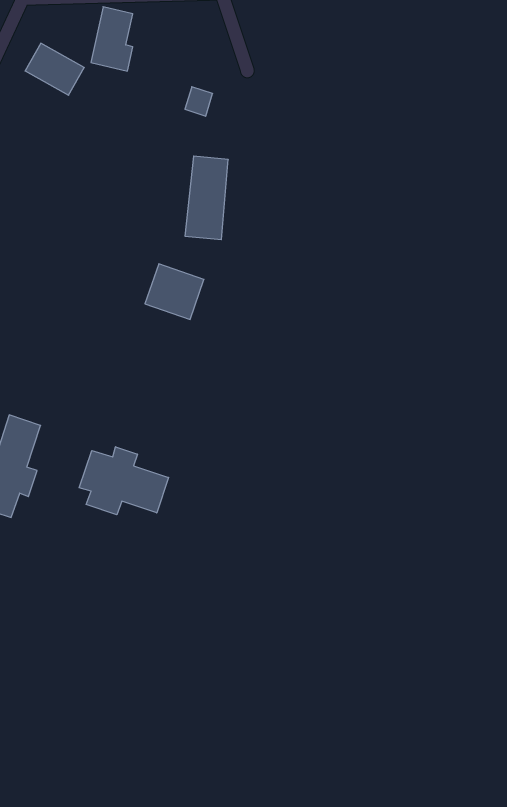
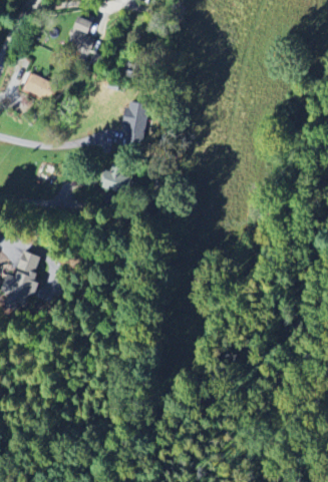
building: [25,43,84,95] -> [23,71,57,101]
building: [79,447,169,515] -> none

